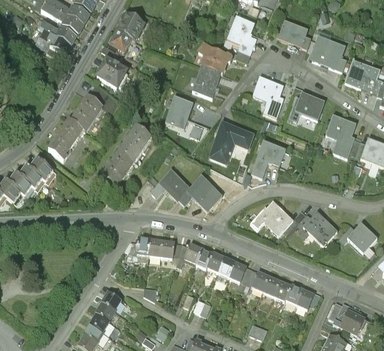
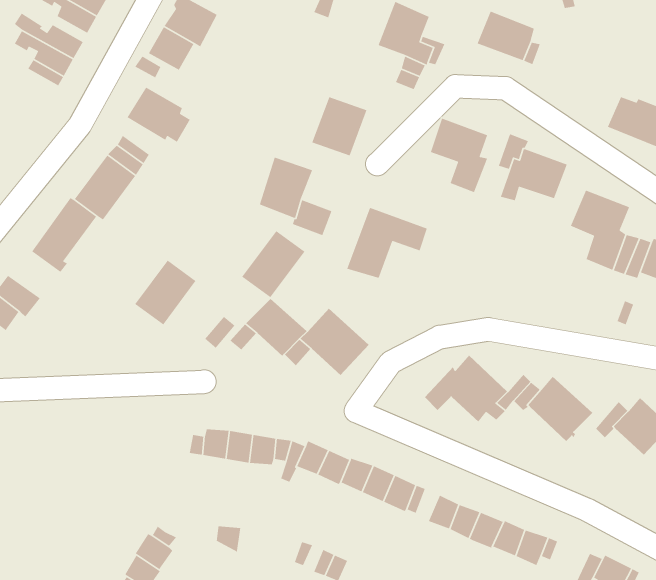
building: [309,38,346,72] -> none
building: [198,45,231,73] -> none
building: [118,126,151,161] -> [241,230,305,298]
building: [251,141,285,177] -> none

